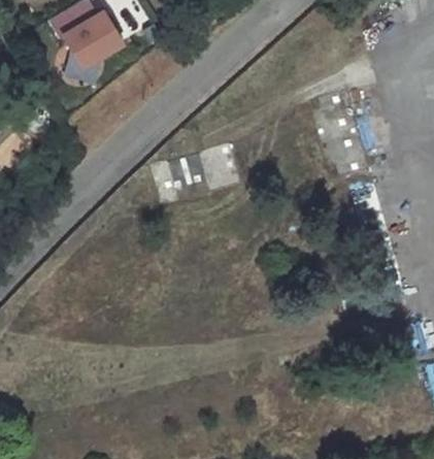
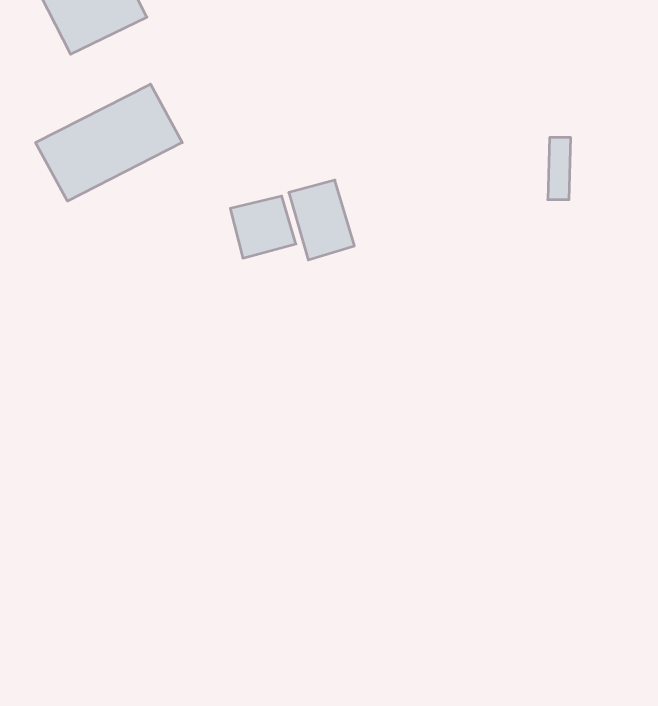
building: none -> [36,84,182,201]

